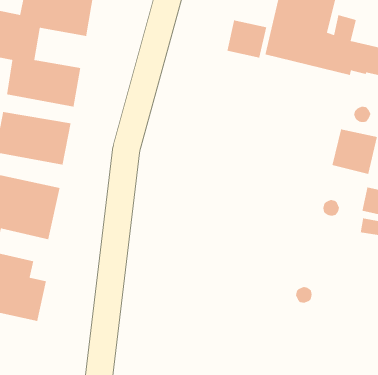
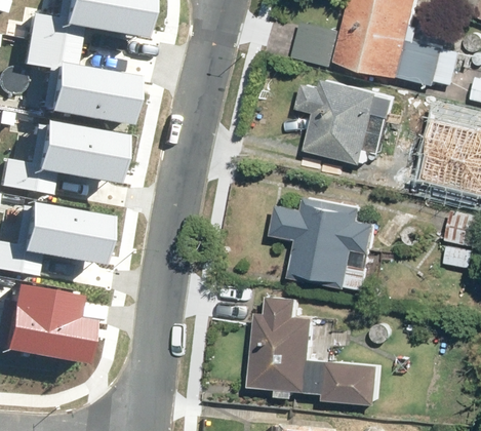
building: none -> [295,79,393,162]
building: none -> [270,197,375,291]
building: none -> [248,296,312,391]
building: none -> [323,360,379,403]

